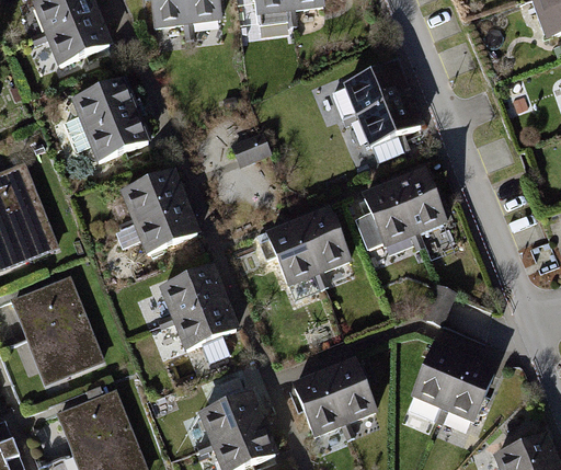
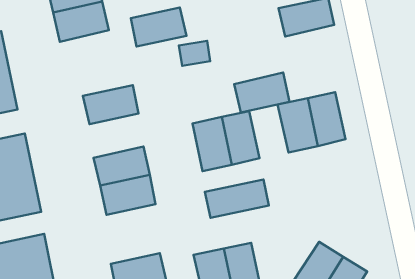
building: [356,91,424,146] -> [234,72,290,113]
building: [121,168,188,221] -> [131,7,186,47]
building: none -> [205,180,269,218]

